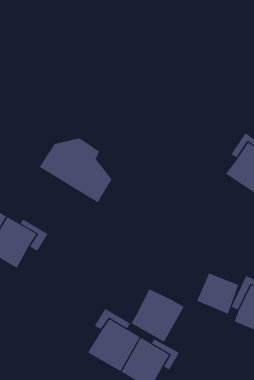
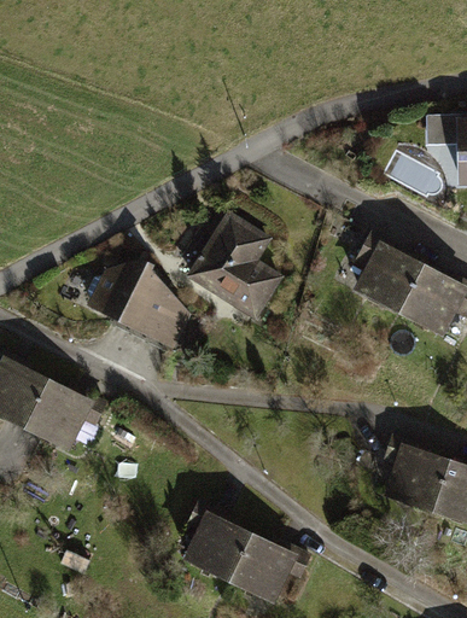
building: none -> [186,208,285,321]
building: [196,273,239,315] -> none
building: [131,288,185,342] -> none

